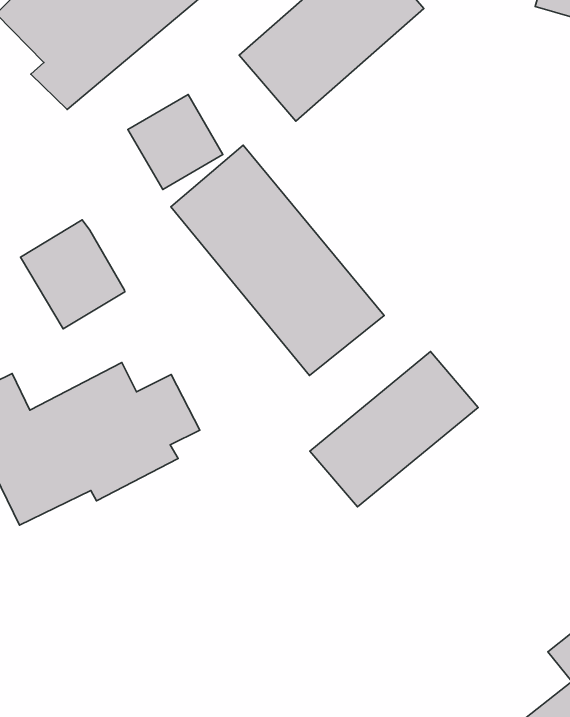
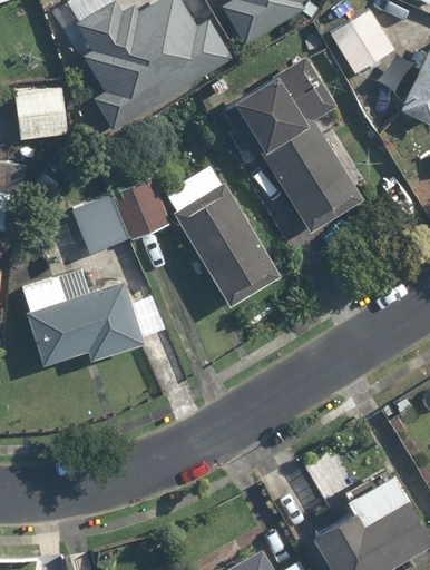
building: none -> [268,129,363,232]
building: [128,95,223,190] -> [115,185,168,238]
building: [310,351,478,507] -> none

